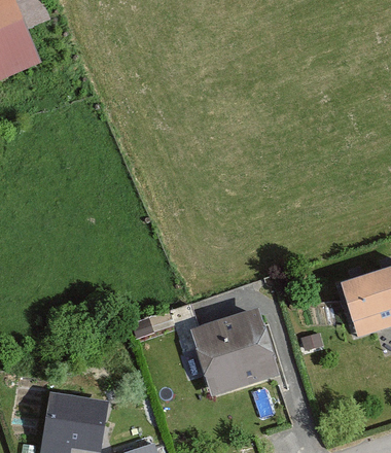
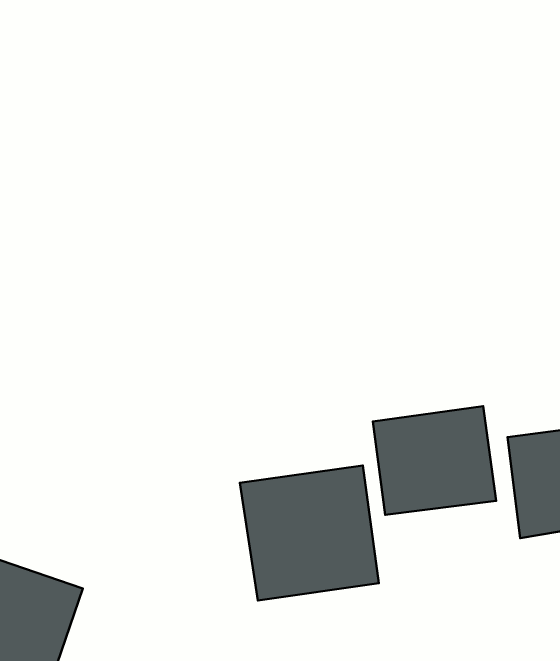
building: none -> [373,406,496,515]

